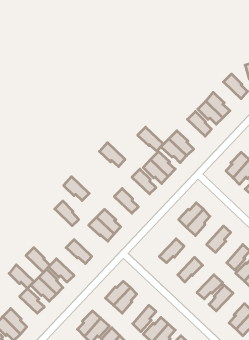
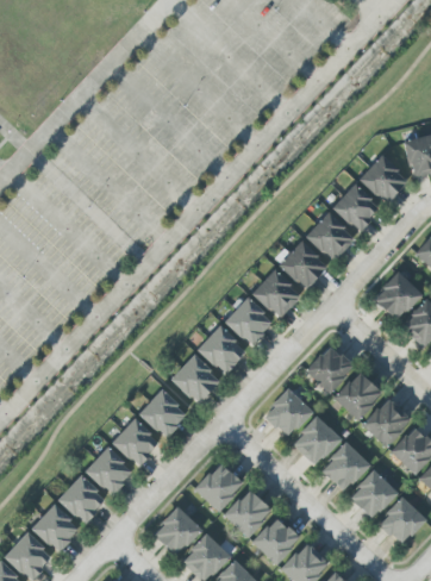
building: none -> [360,167,398,201]
building: [138,127,163,151] -> [306,223,344,258]
building: [99,143,125,167] -> [224,308,262,344]
building: [64,177,89,201] -> [198,337,236,373]
building: [55,201,79,226] -> [150,389,186,426]
building: none -> [335,371,371,408]
building: none -> [267,388,301,426]
building: none -> [363,399,400,436]
building: [26,248,50,272] -> [124,418,160,455]
building: none -> [293,416,329,454]
building: [9,265,34,289] -> [58,486,95,521]
building: none -> [323,442,357,480]
building: none -> [361,481,398,517]
building: none -> [224,489,261,526]

